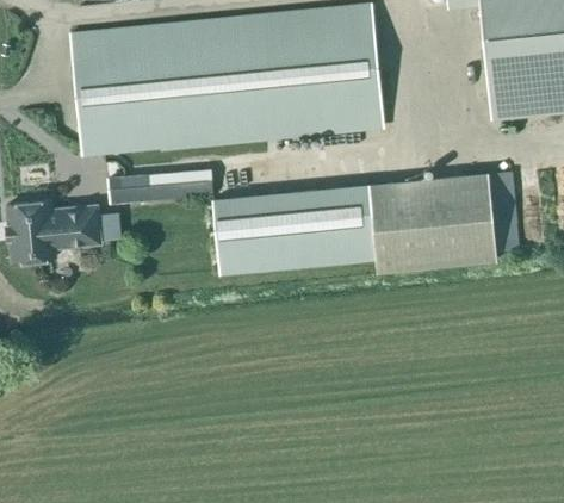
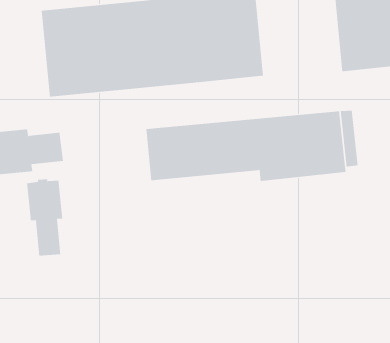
building: [106,169,212,205] -> none
building: none -> [27,179,63,257]

